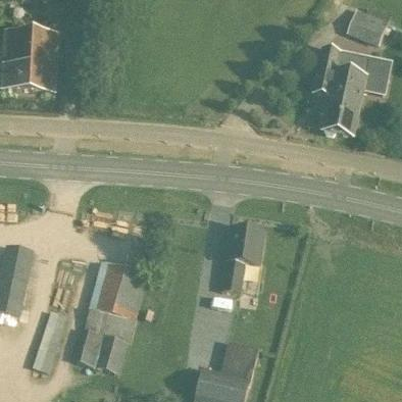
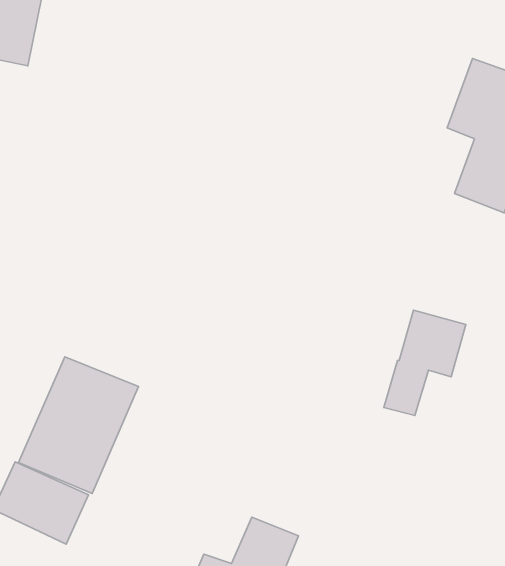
building: [221,228,263,291] -> [384,310,466,416]

